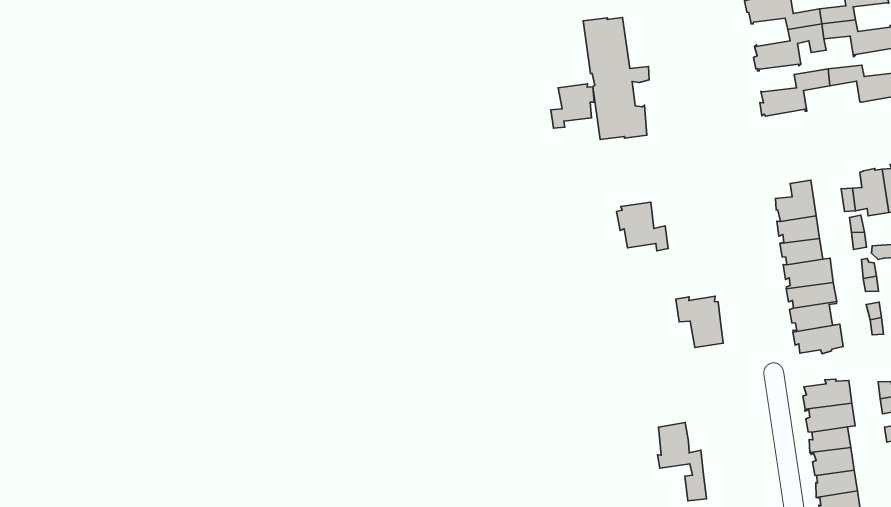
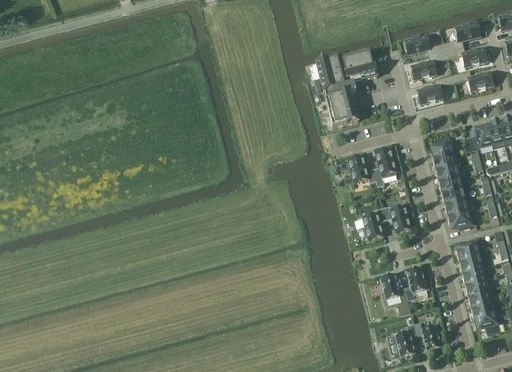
building: none -> [341,50,376,79]
building: [551,84,594,128] -> none
building: none -> [372,149,396,186]
building: none -> [362,207,385,239]
building: none -> [404,267,428,300]

